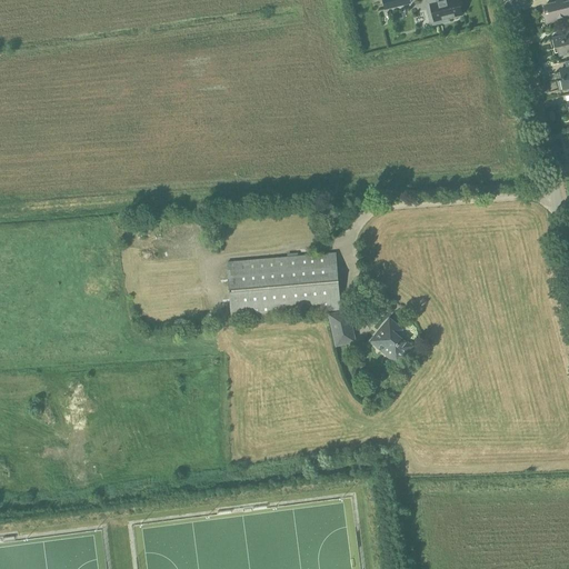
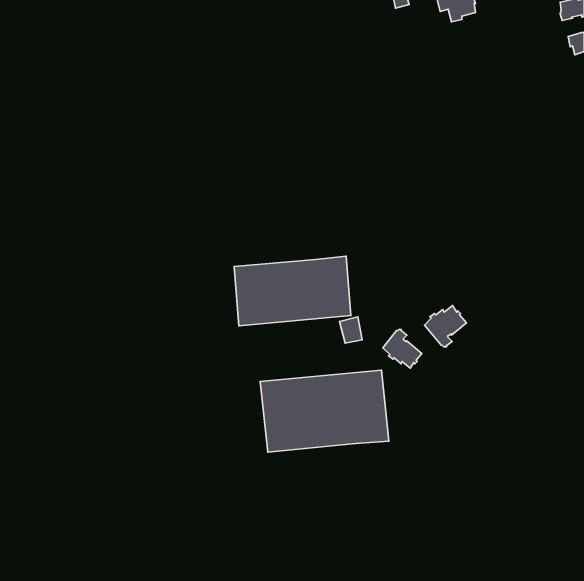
building: none -> [424,305,466,347]
building: none -> [260,370,389,452]

